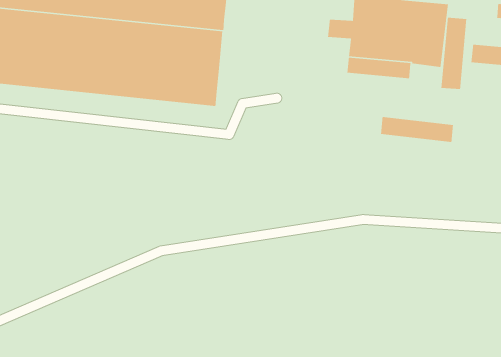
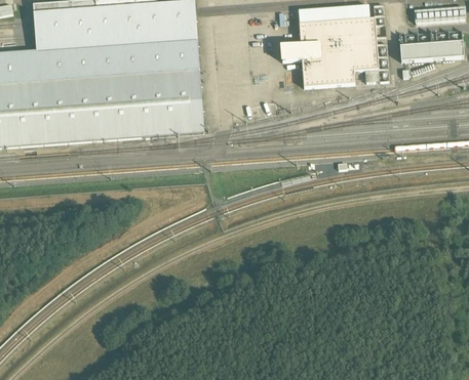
building: [441,17,467,90] -> none
building: [380,116,454,143] -> none

